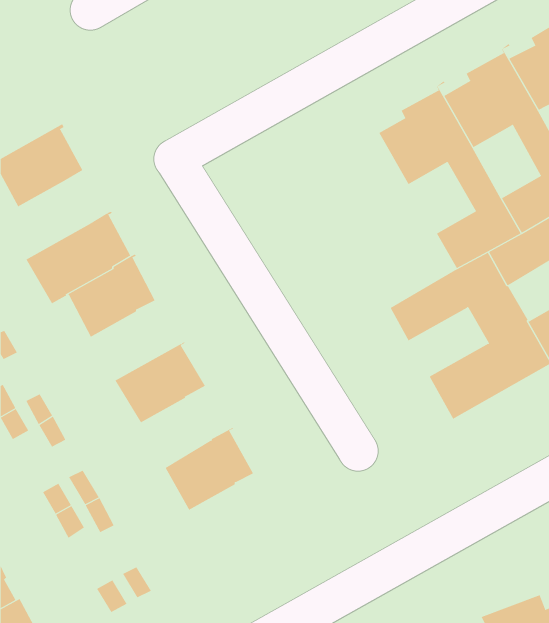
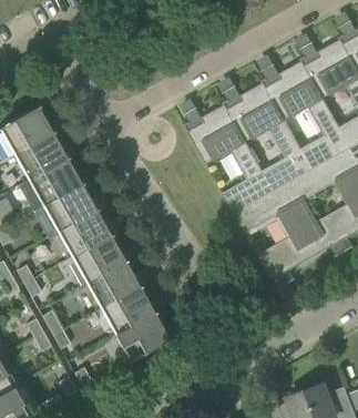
building: none -> [184,100,274,213]
building: none -> [12,130,65,179]
building: none -> [55,206,110,256]
building: none -> [85,258,139,308]
building: none -> [114,309,171,360]

